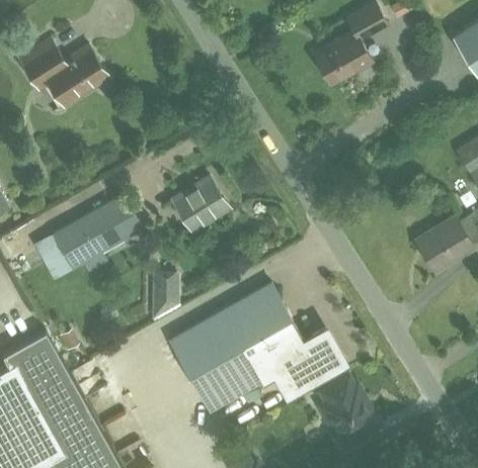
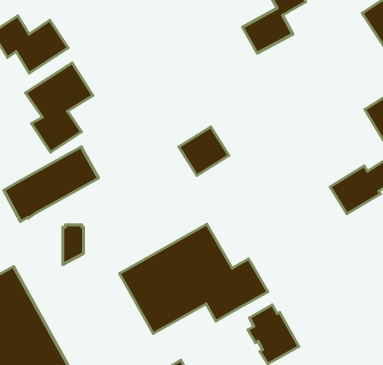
building: none -> [26,63,93,152]
building: [171,177,230,233] -> [179,127,229,176]
building: [154,272,178,318] -> [63,225,84,265]

